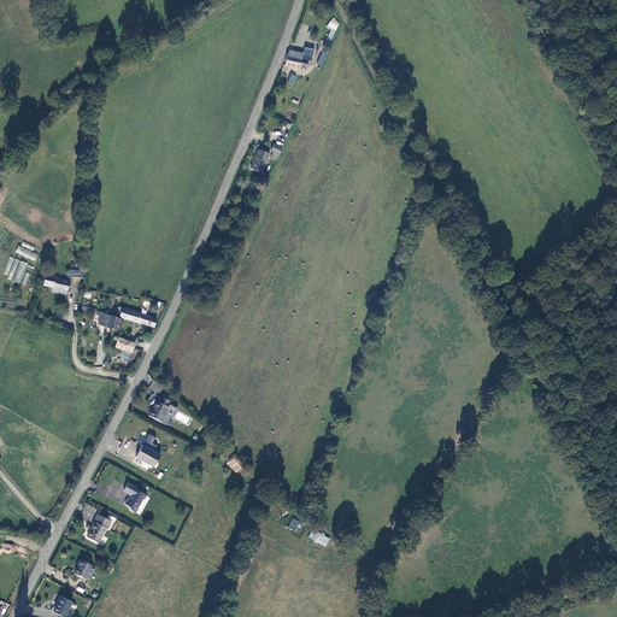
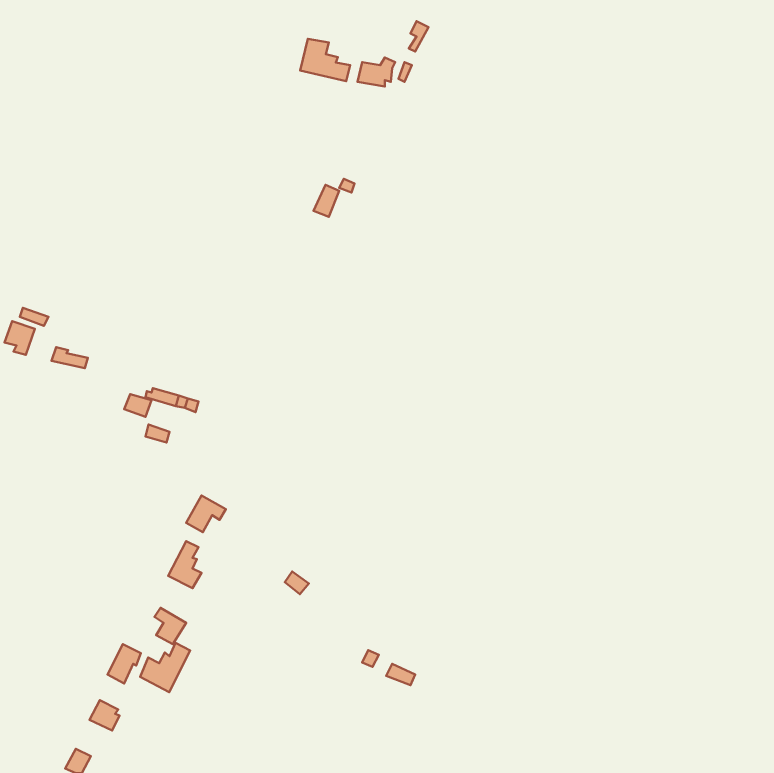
building: none -> [300,39,350,81]
building: none -> [140,643,190,692]

